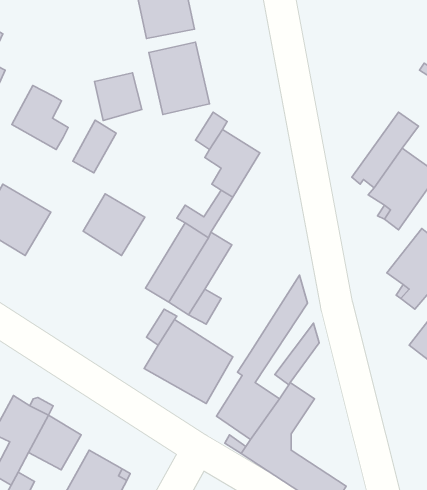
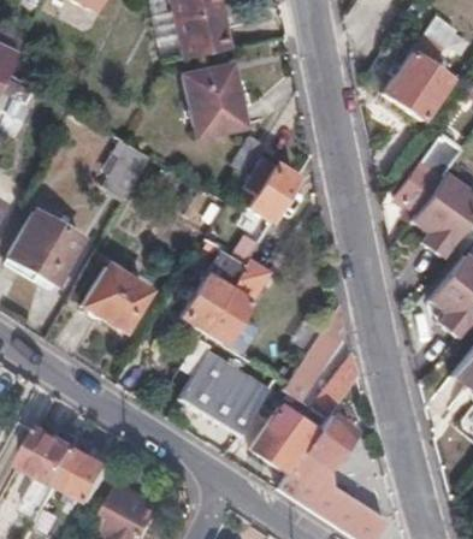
building: none -> [384,53,449,118]
building: [94,73,142,120] -> none
building: [12,85,68,149] -> none
building: [83,194,145,256] -> [83,266,147,330]

